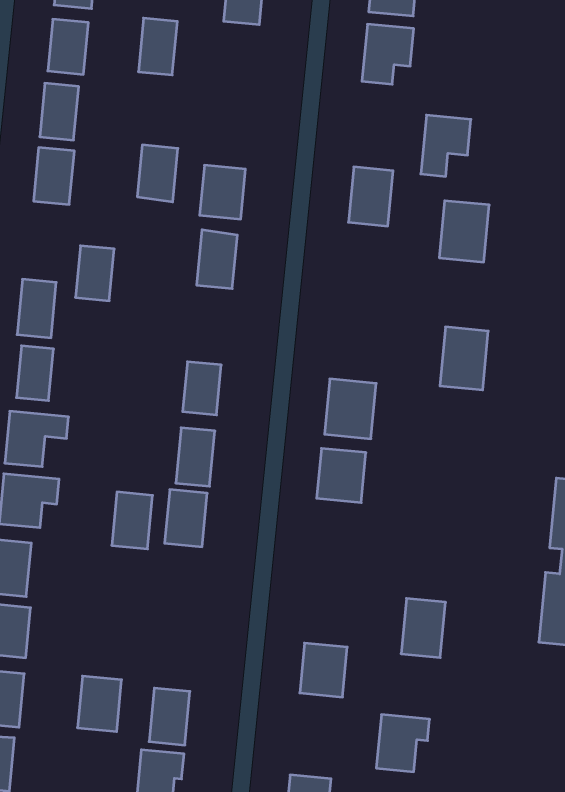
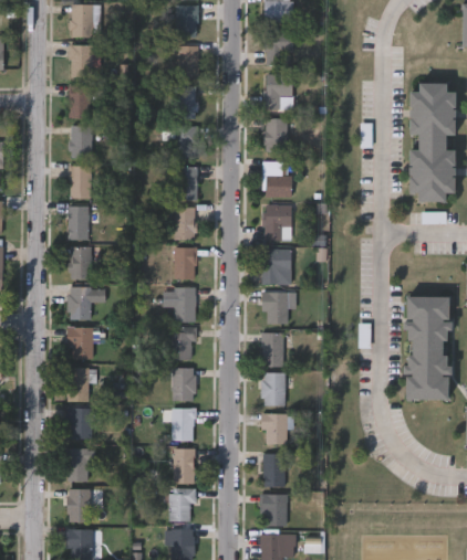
building: [138,18,177,75] -> [177,45,198,78]
building: [421,115,471,176] -> [264,73,292,109]
building: [137,145,178,202] -> [175,85,197,118]
building: [439,201,489,262] -> [262,161,290,197]
building: [75,246,114,301] -> [70,166,91,198]
building: none -> [174,207,195,240]
building: [440,327,488,390] -> [264,204,291,241]
building: [112,492,153,549] -> [173,368,195,401]
building: none -> [261,334,283,367]
building: [401,598,446,658] -> [261,372,286,406]
building: [77,676,122,732] -> [170,409,195,441]
building: [376,715,430,772] -> [262,454,292,487]

